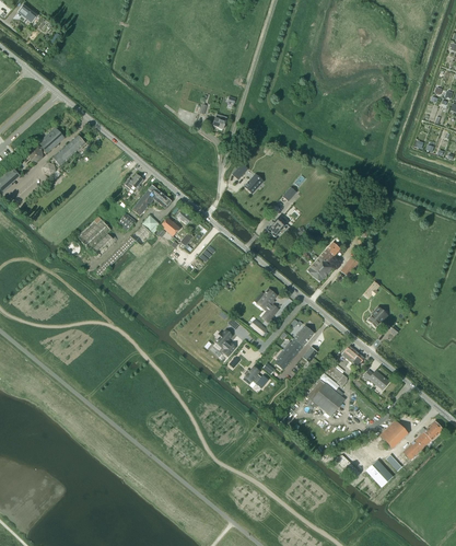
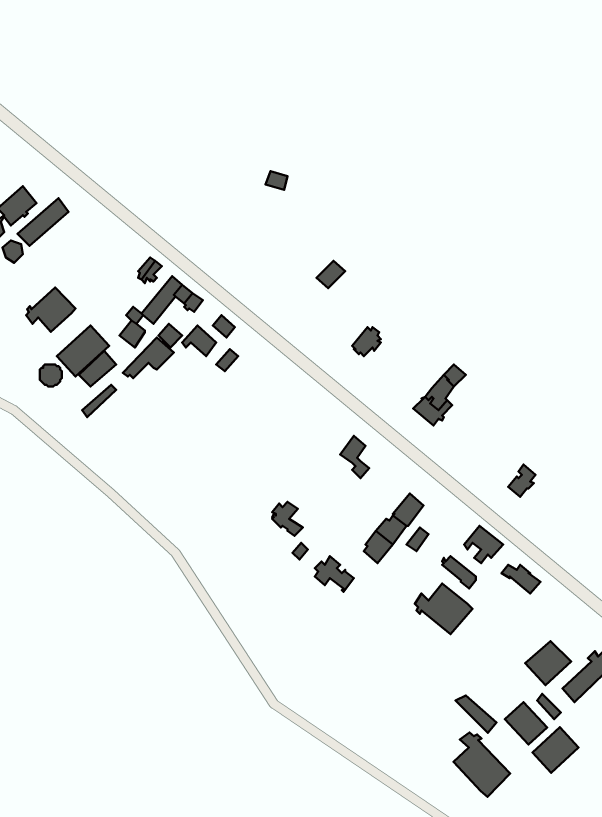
building: none -> [26,287,76,332]
building: none -> [533,727,578,773]
building: none -> [453,732,510,797]

